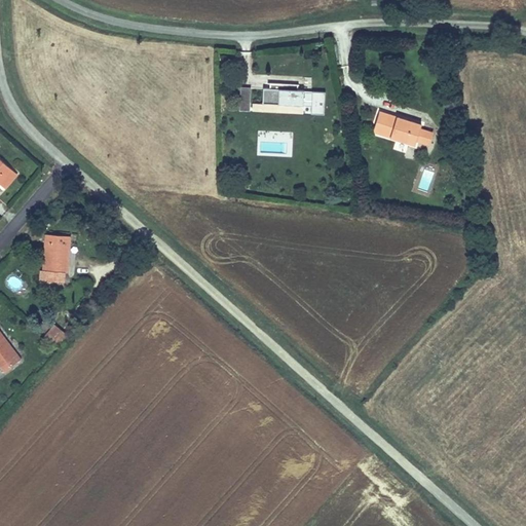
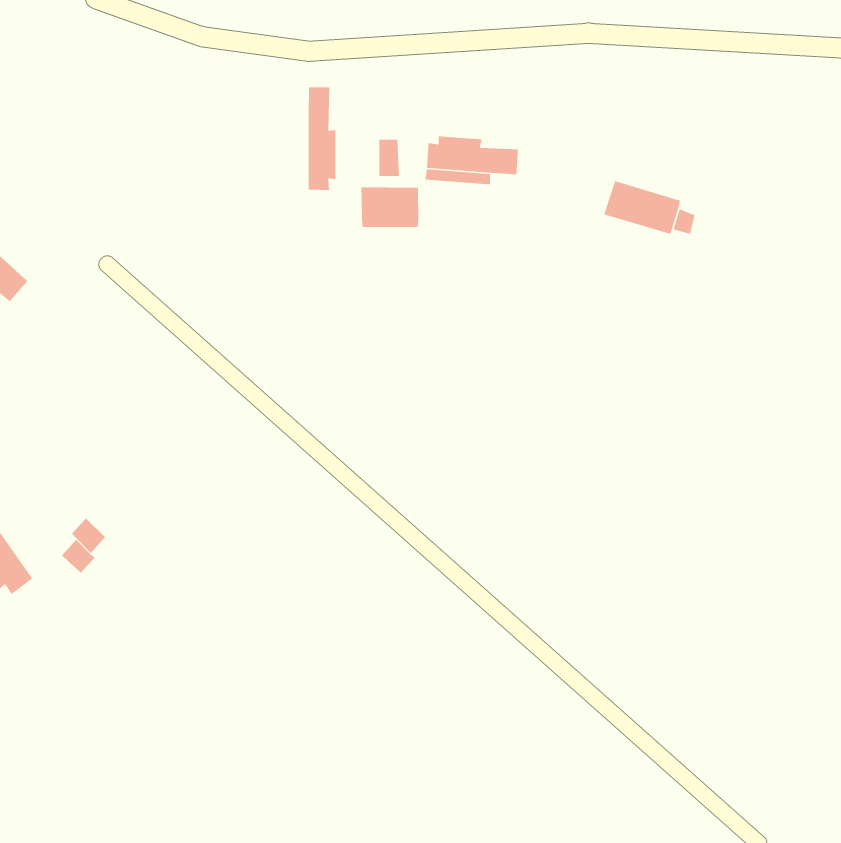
building: none -> [308,86,336,191]
building: none -> [360,186,419,228]
building: [38,234,70,281] -> none

